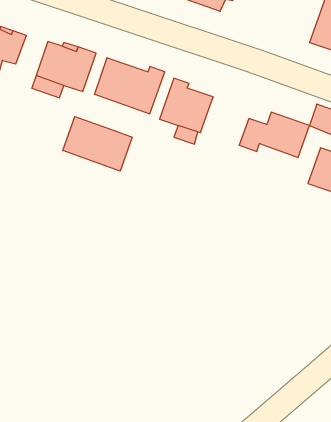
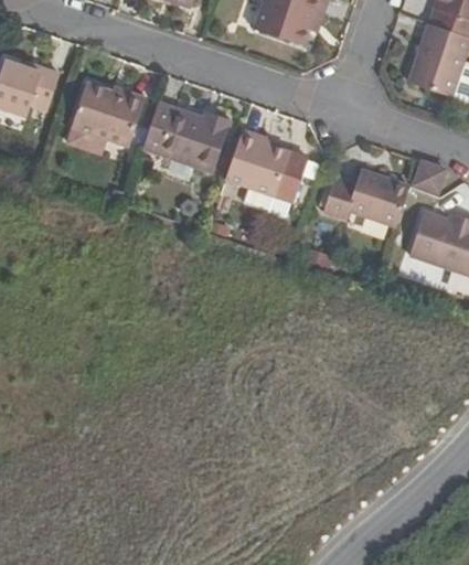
building: [63,117,132,171] -> none

